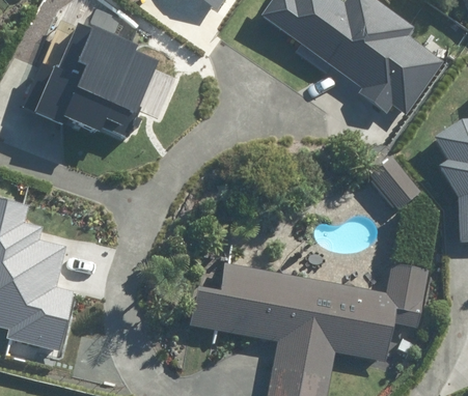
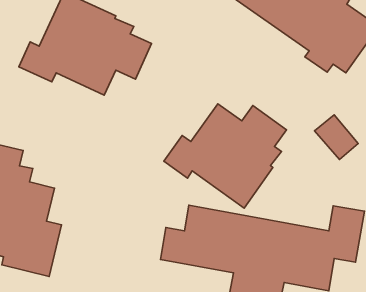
building: none -> [164,104,286,208]

